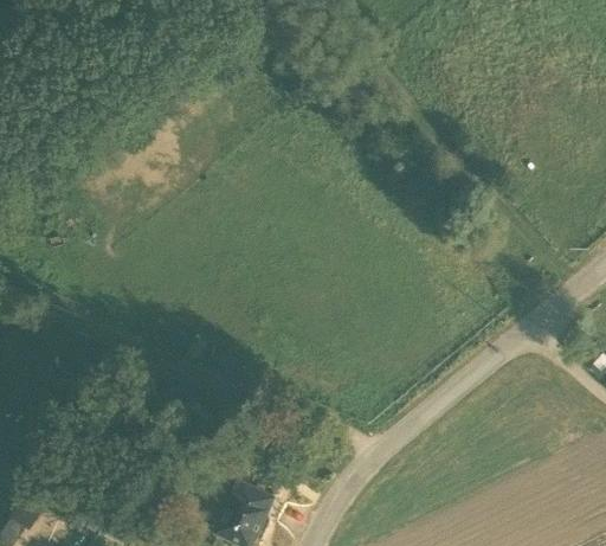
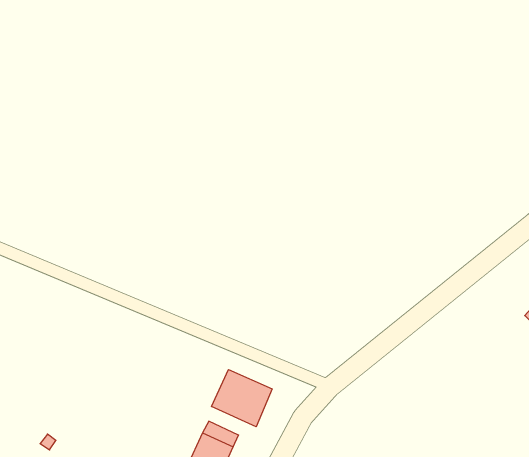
building: none -> [212,370,272,427]

